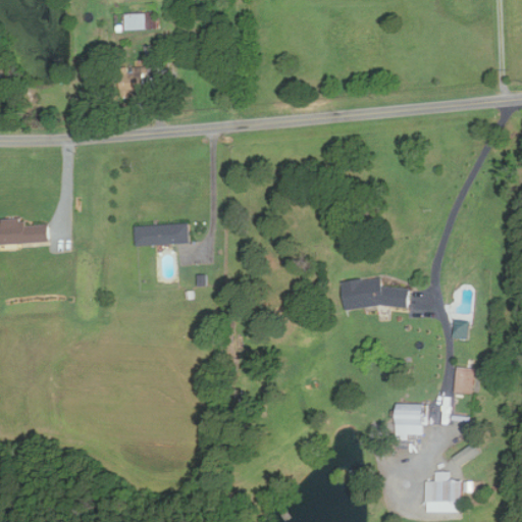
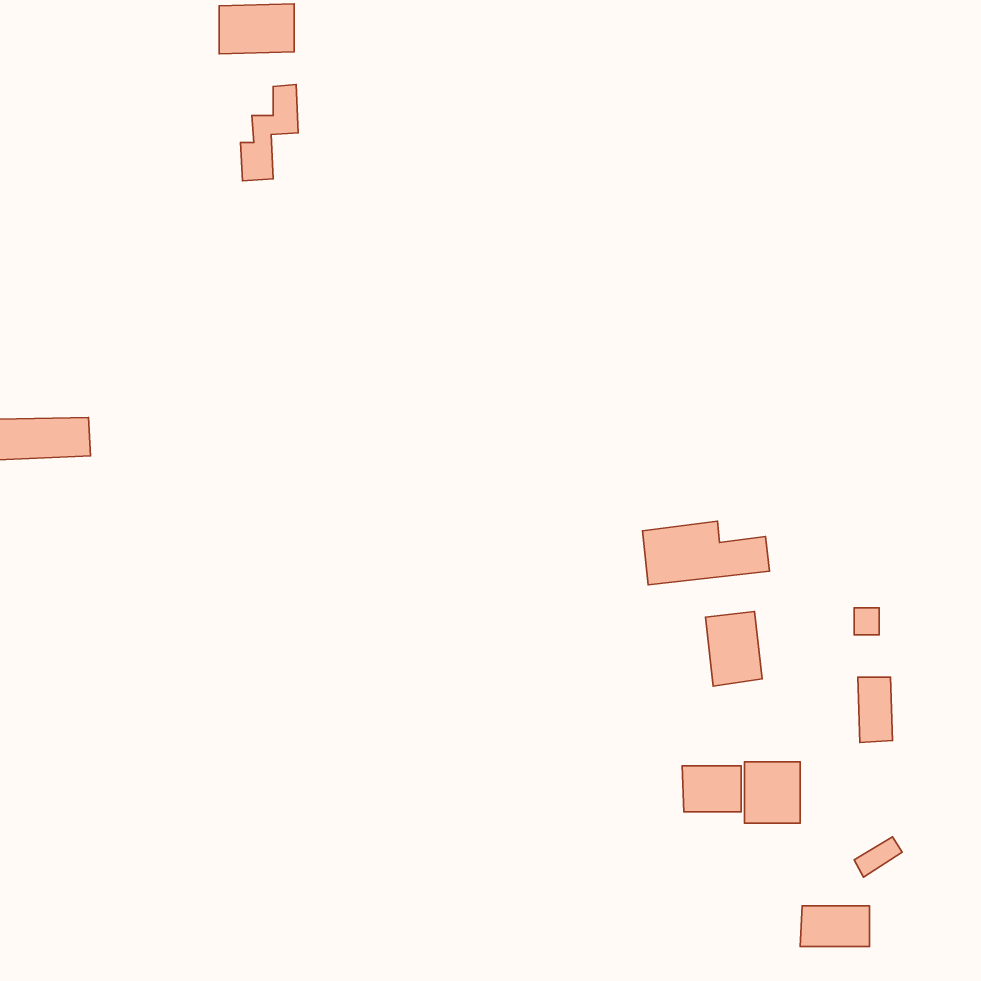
building: [134,223,189,245] -> none
building: none -> [705,612,762,686]
building: none -> [682,766,741,812]

